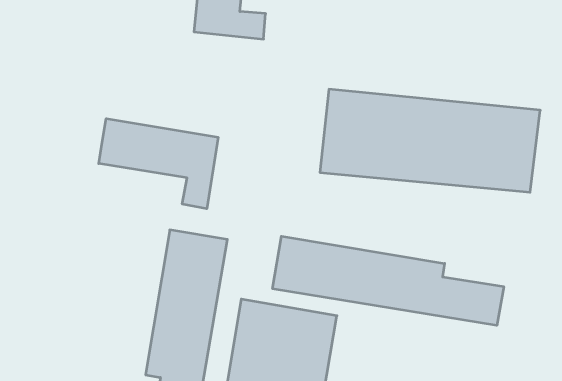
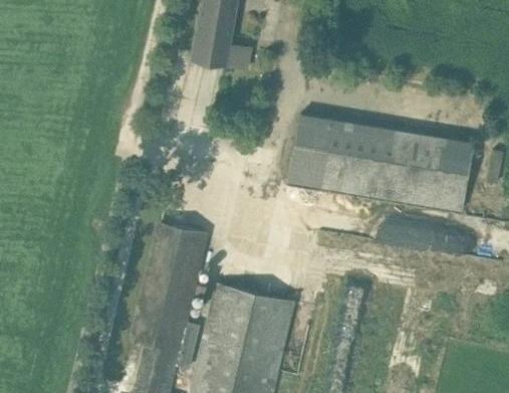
building: [99,119,218,209] -> none
building: [273,236,504,325] -> none

